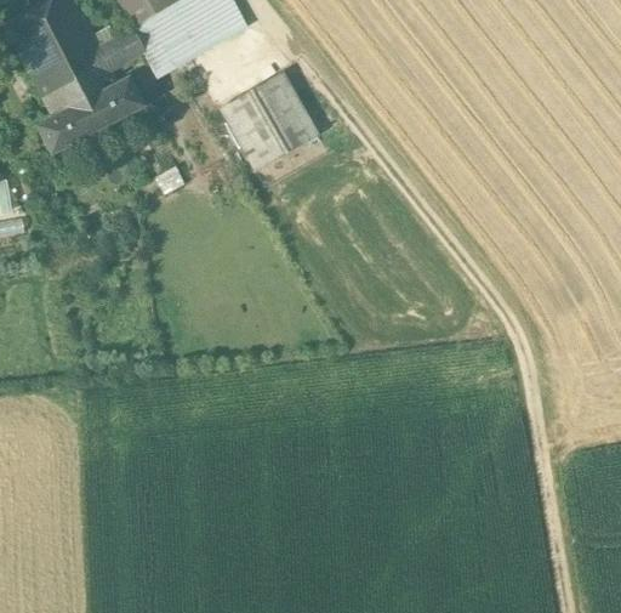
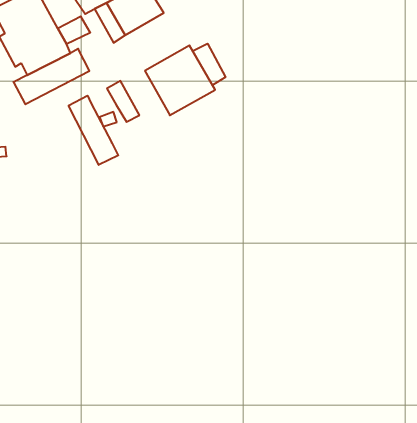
building: [130,18,176,76] -> [107,81,139,122]
building: none -> [193,44,225,85]
building: none -> [69,96,118,165]

